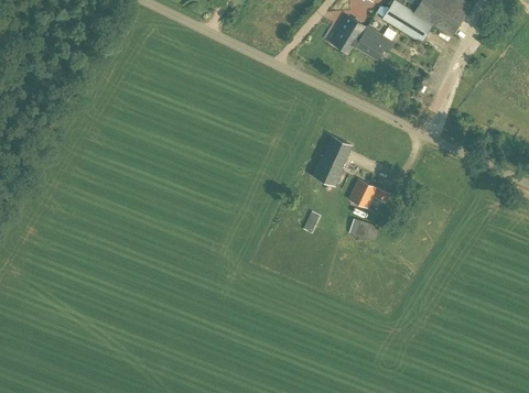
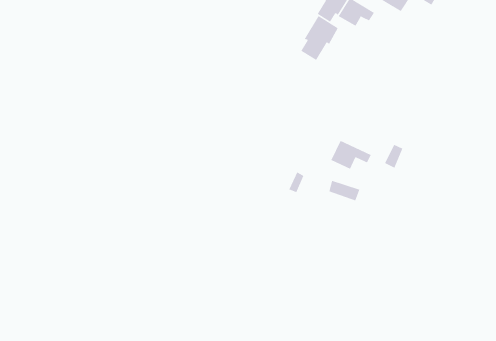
building: none -> [300,15,339,61]
building: [313,137,353,187] -> none

